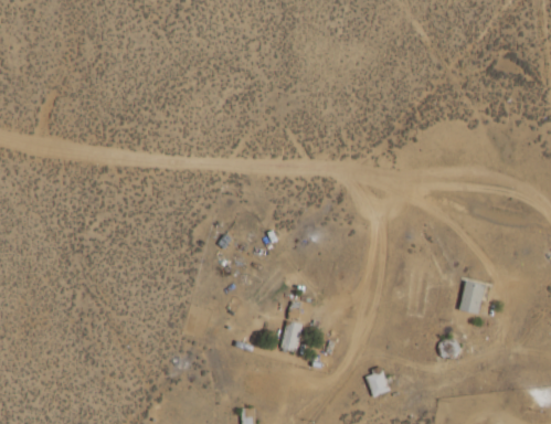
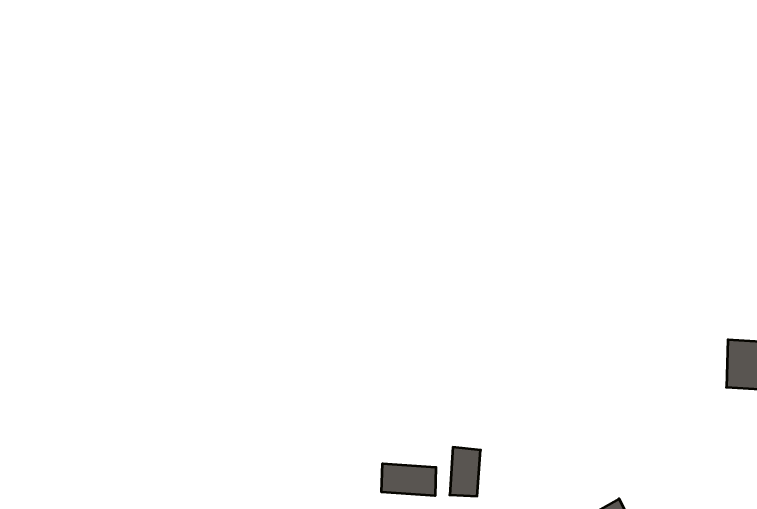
building: none -> [382,464,436,496]

